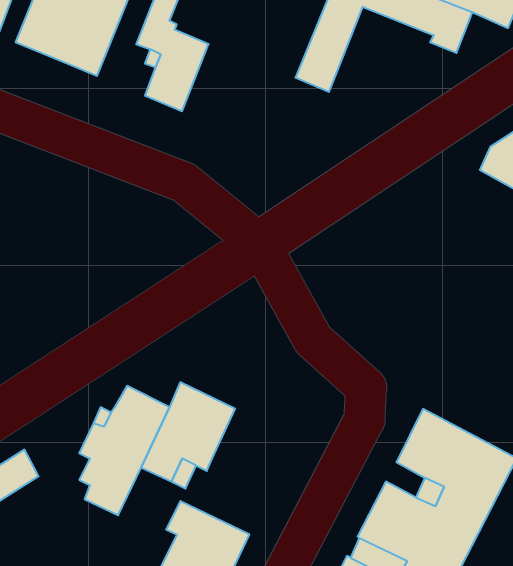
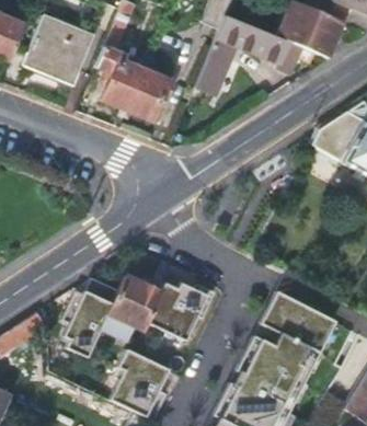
building: none -> [126,67,175,119]
building: none -> [145,284,214,342]

